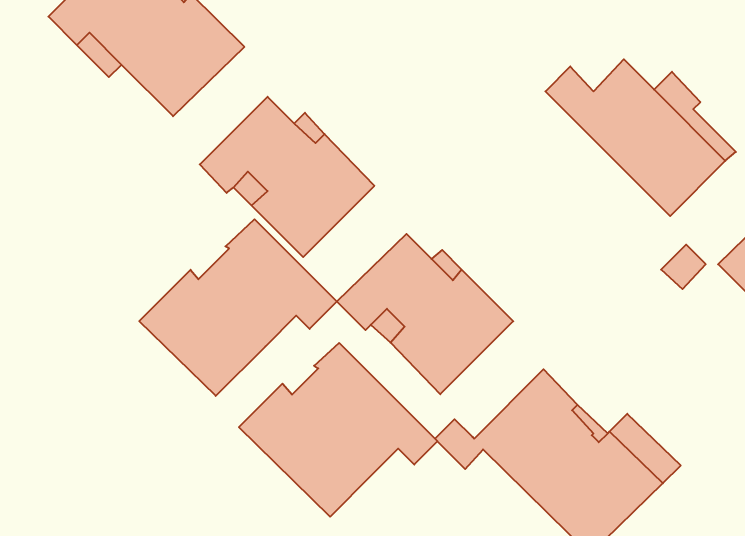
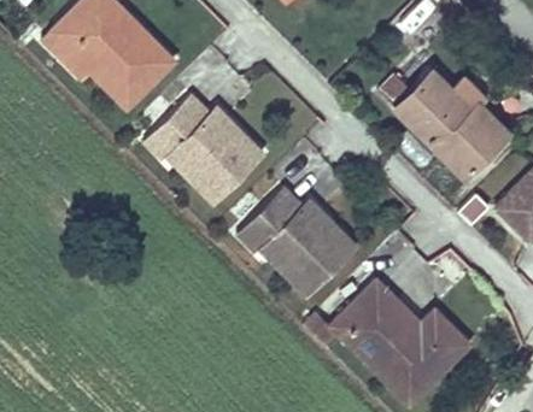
building: [139,219,337,396] -> none
building: [239,343,437,517] -> none

